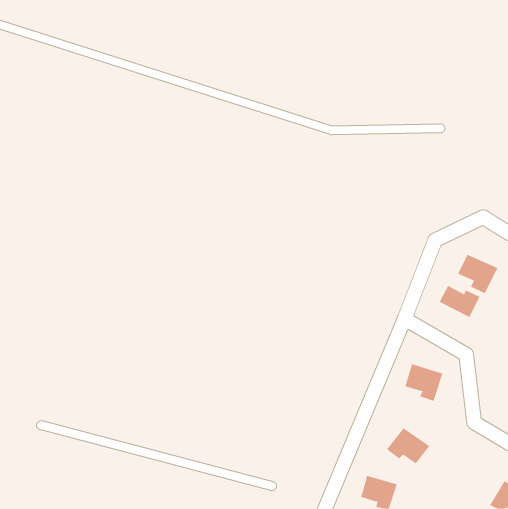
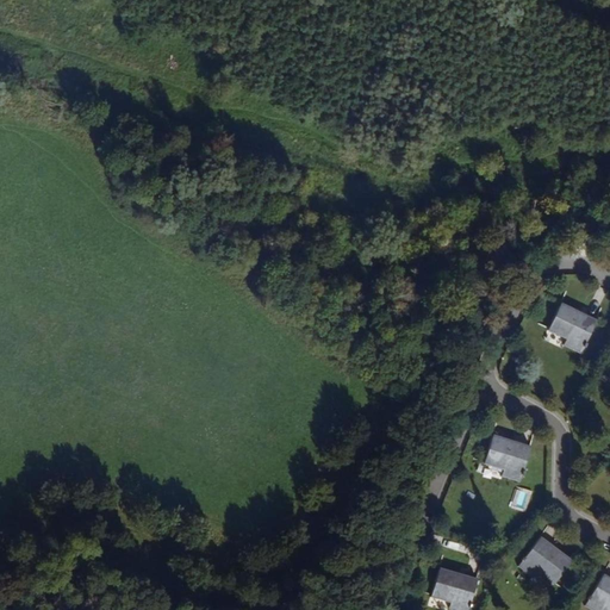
building: [439,285,480,318] -> none
building: [386,427,430,464] -> [519,537,572,581]

